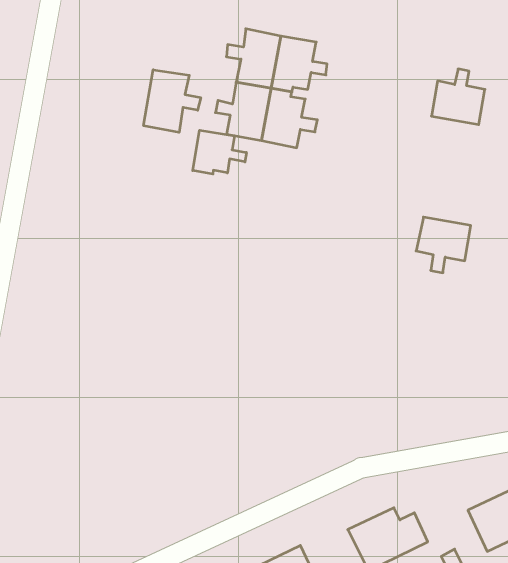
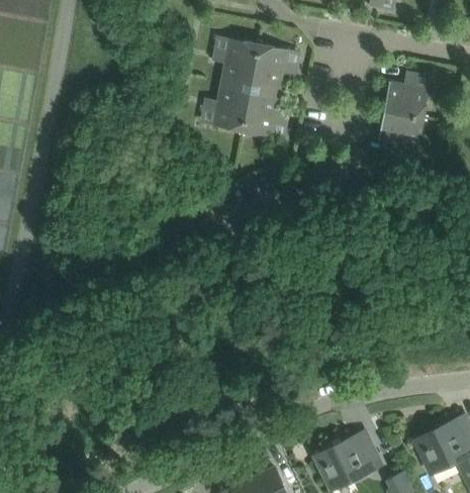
building: [144,70,201,132] -> none
building: [193,130,246,174] -> none
building: [416,217,471,273] -> [378,110,424,157]

